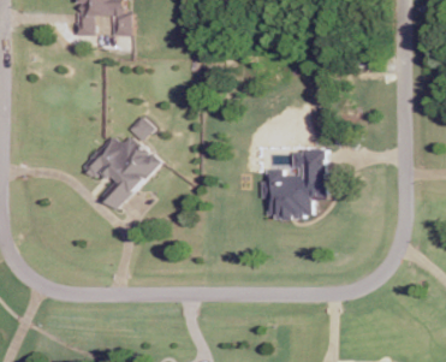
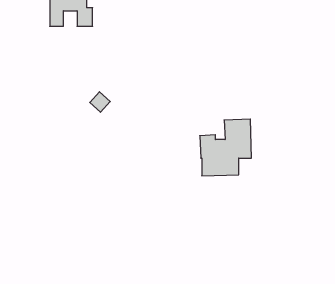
building: [82,135,159,208] -> none

